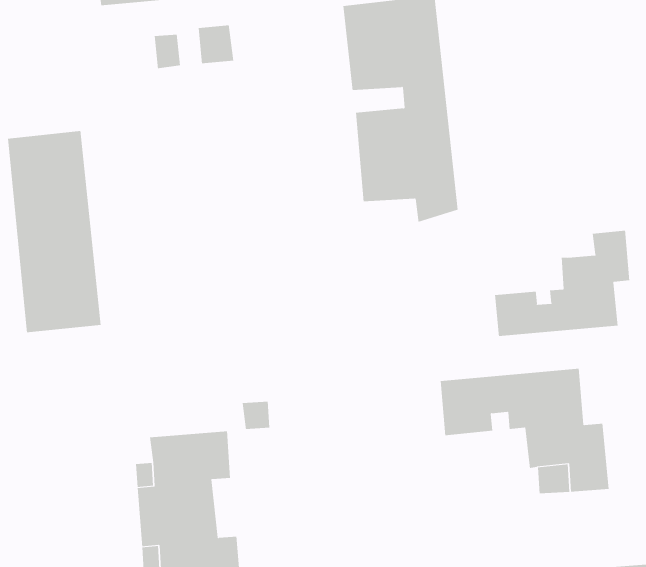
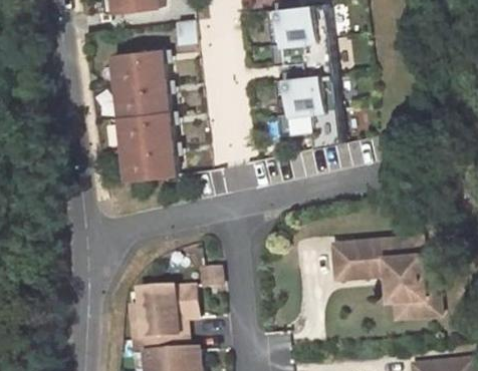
building: [7,131,101,333] -> [115,49,176,178]
building: [494,230,630,337] -> none

